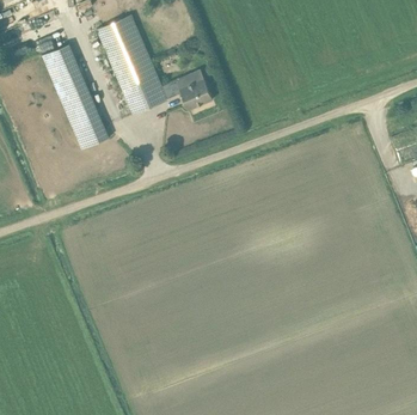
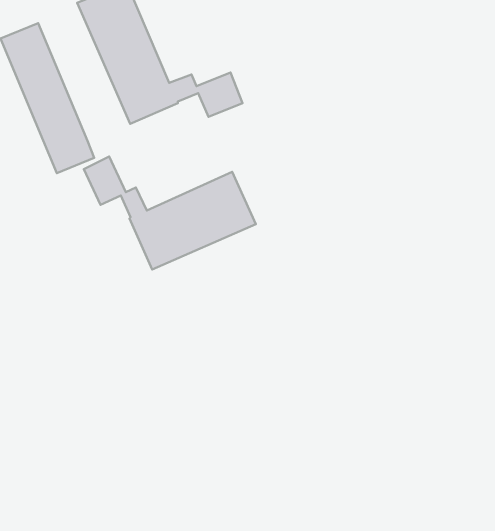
building: none -> [84,156,256,269]

